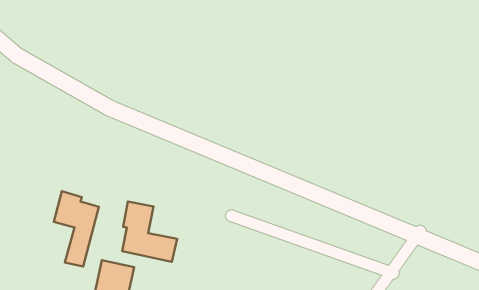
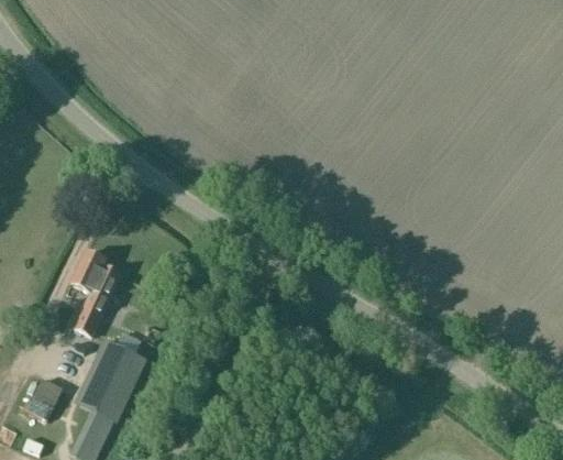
building: [122,201,177,262] -> none

